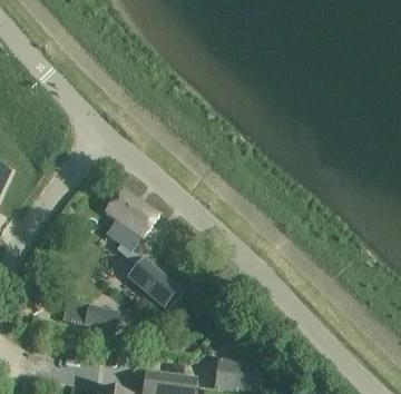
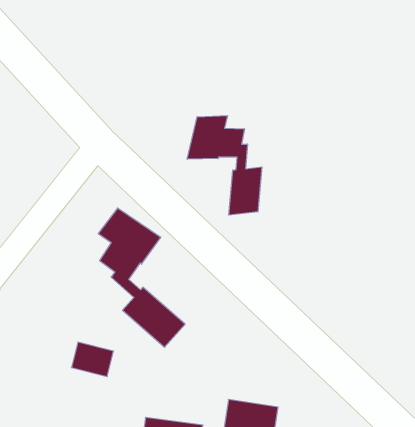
building: none -> [187,116,262,215]

